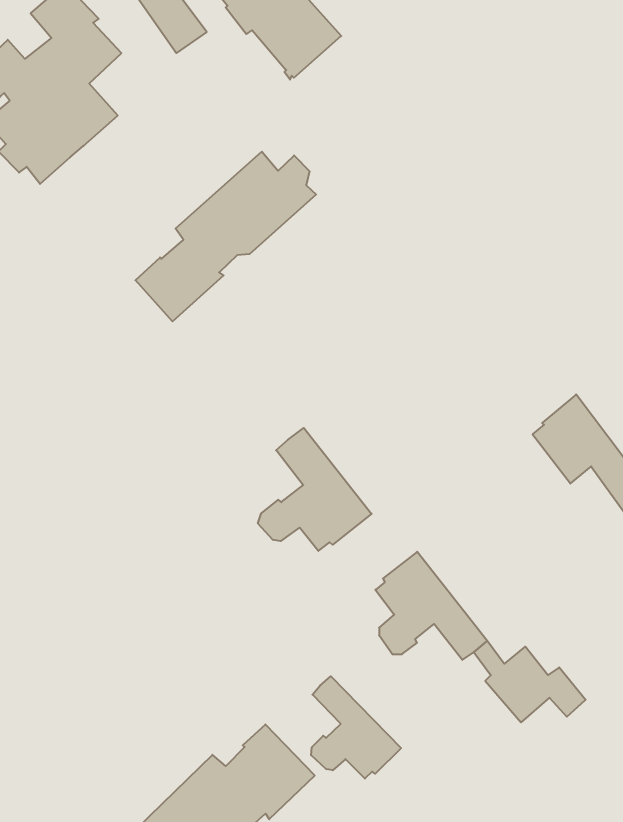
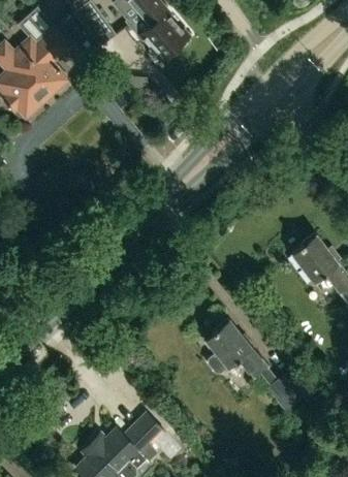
building: [135,152,316,321] -> none
building: [258,428,372,551] -> none
building: [311,676,401,779] -> none

